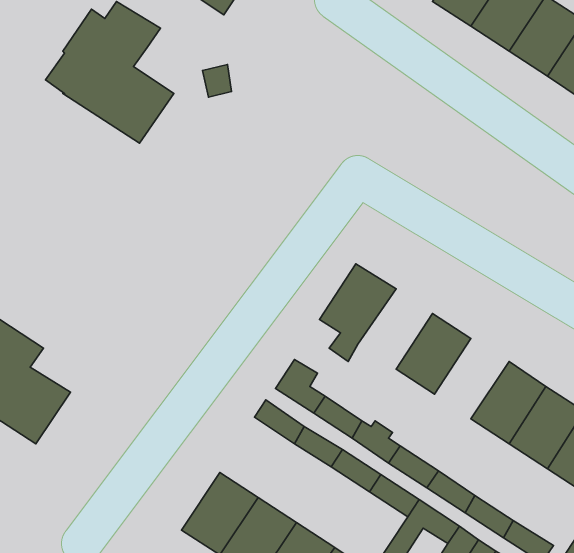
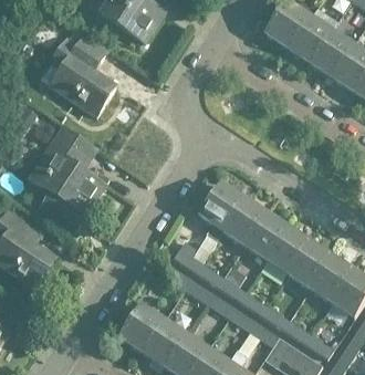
building: none -> [31,127,105,232]
building: none -> [222,199,265,246]
building: none -> [267,228,310,274]

